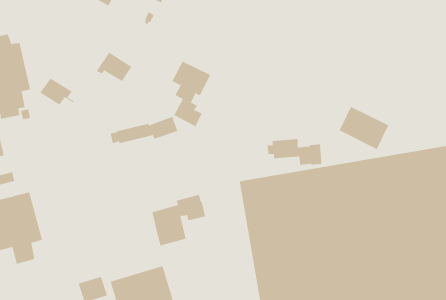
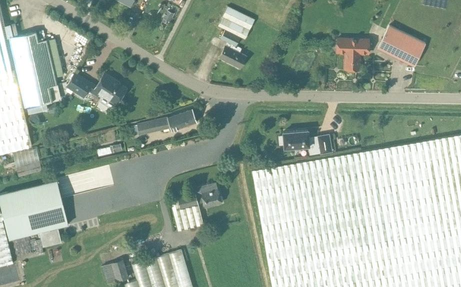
building: none -> [336,39,369,70]
building: [96,52,132,82] -> [92,75,126,103]
building: [171,61,211,127] -> [217,7,254,69]
building: [339,106,389,150] -> [378,26,425,67]

